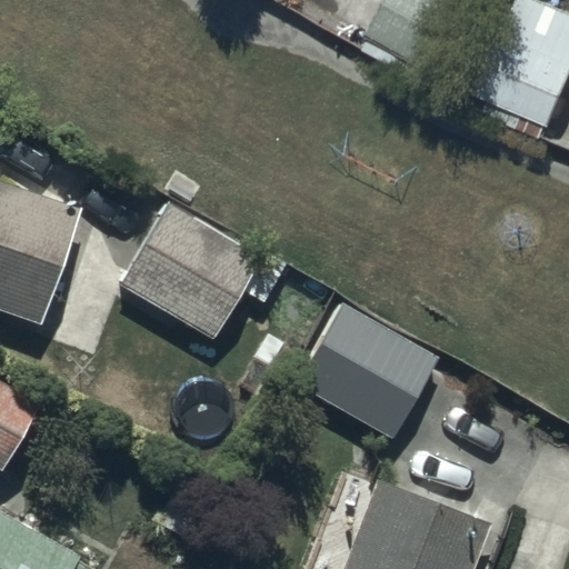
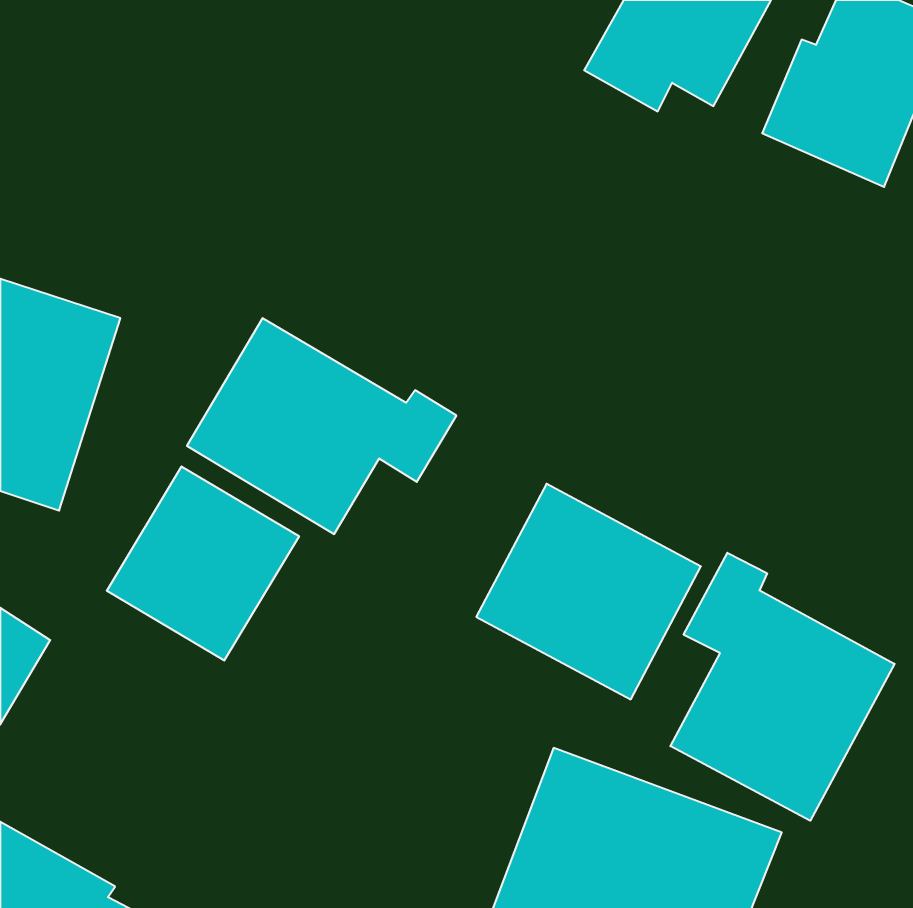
building: none -> [107,466,299,661]
building: none -> [670,553,895,821]

